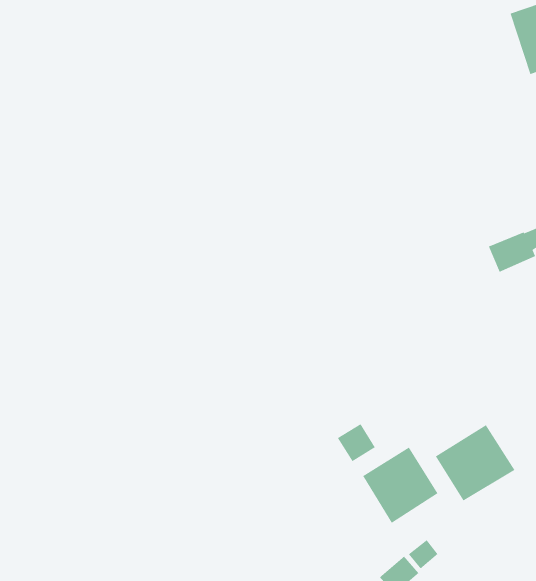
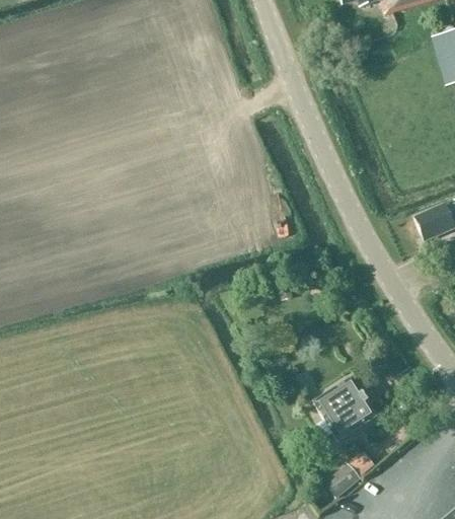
building: [337,423,376,462] -> none
building: [435,424,516,502] -> none

